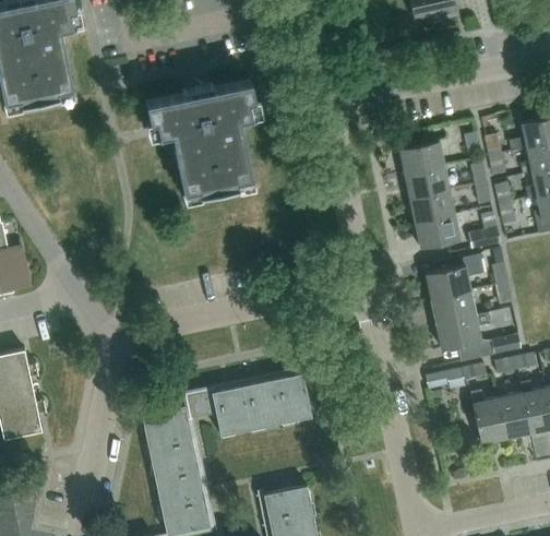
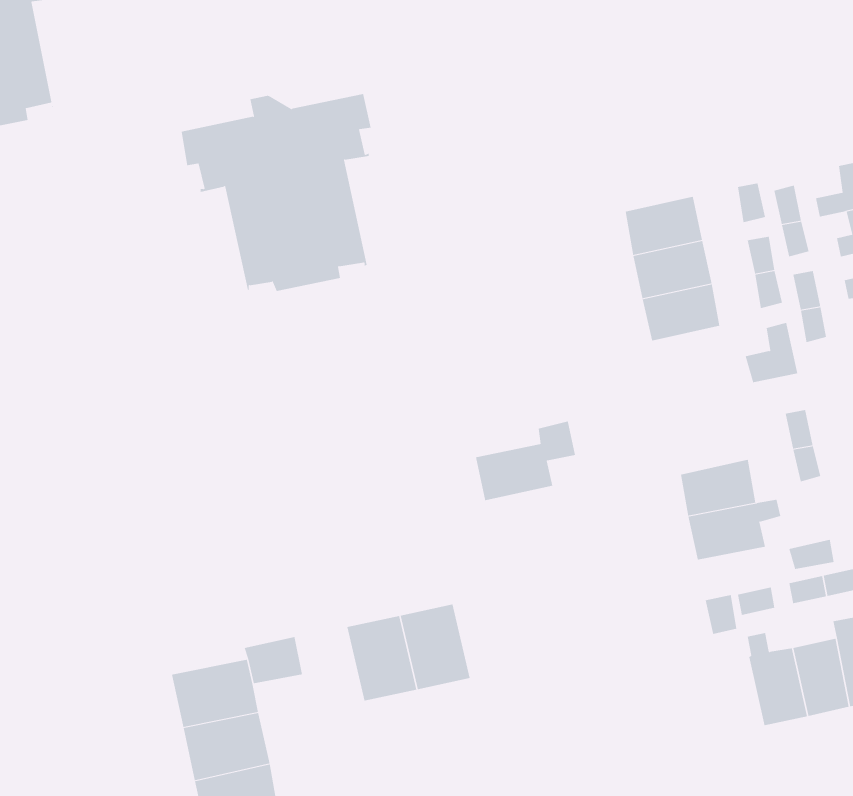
building: [416,215,461,249] -> none
building: [427,254,485,300] -> [475,421,576,501]
building: [212,388,251,437] -> none

